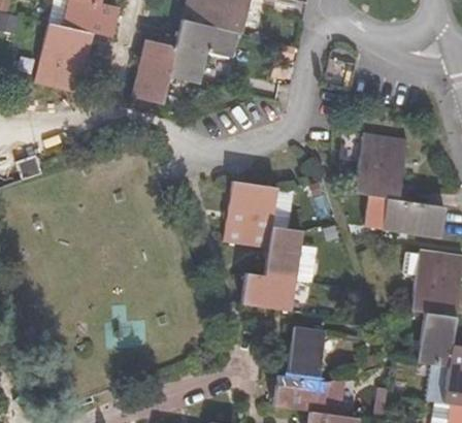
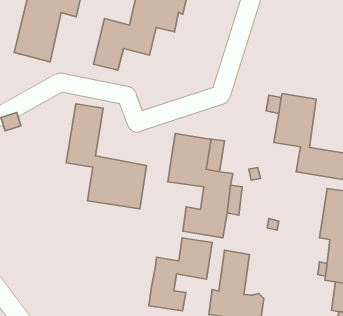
building: none -> [66,104,146,209]
building: none -> [149,238,212,311]

